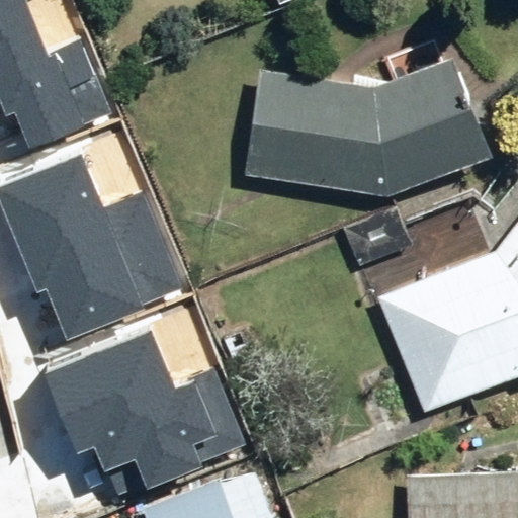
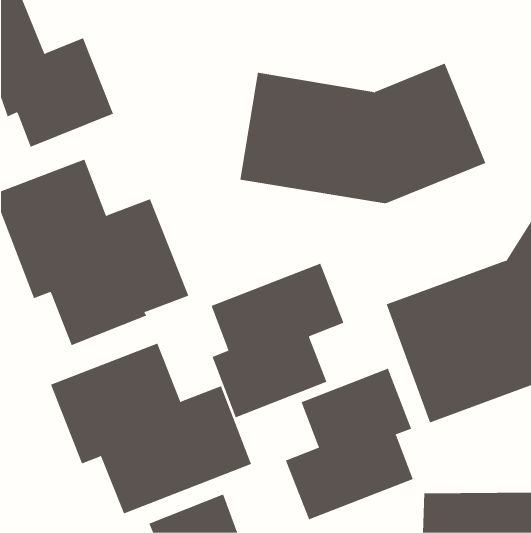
building: none -> [211,263,344,418]
building: none -> [285,368,413,520]

